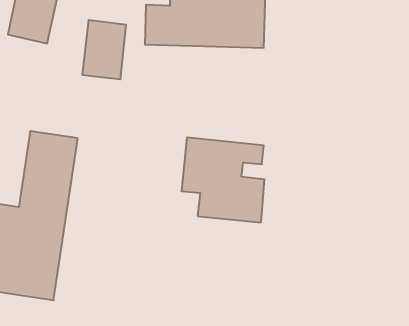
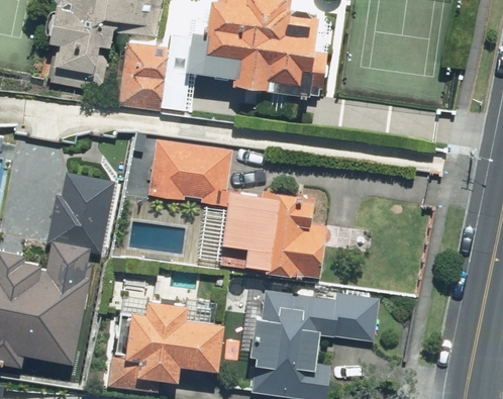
building: none -> [147,145,231,209]
building: none -> [129,294,228,384]
building: none -> [250,295,378,388]

